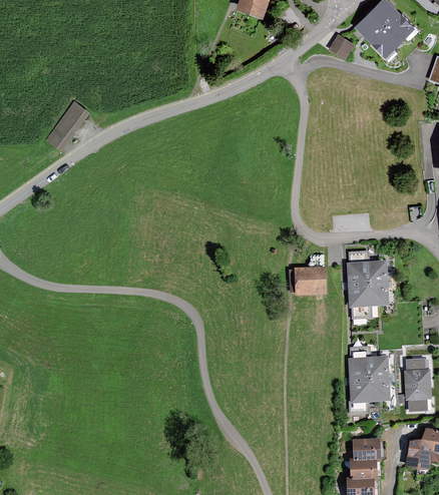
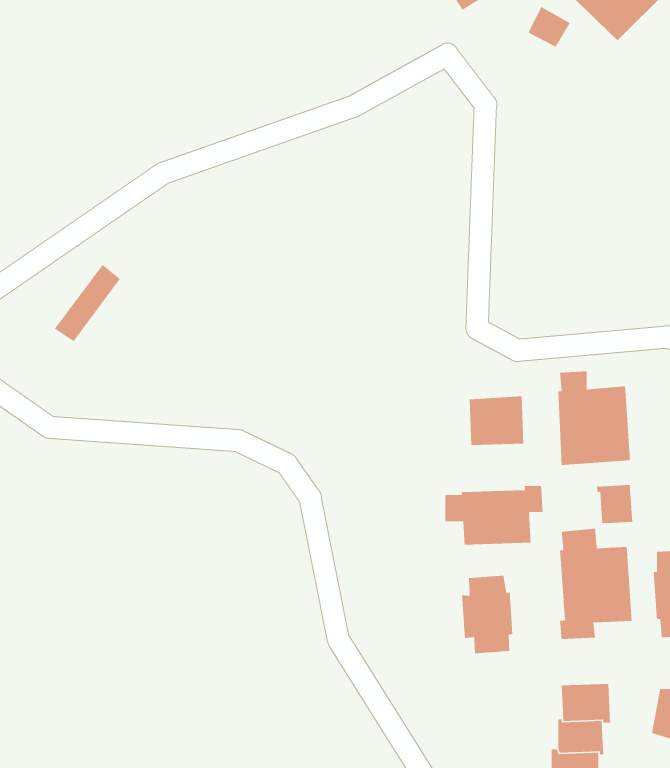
building: [44,100,84,147] -> [54,264,121,342]
building: none -> [596,484,633,524]
building: none -> [444,485,543,545]
building: none -> [461,575,513,654]

